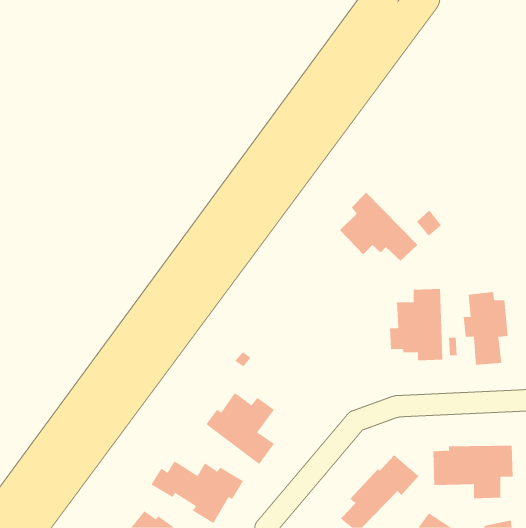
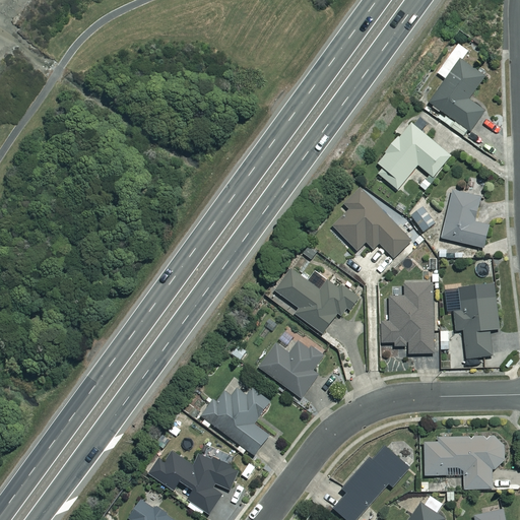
building: none -> [429,43,483,130]
building: none -> [377,122,450,189]
building: none -> [441,190,489,247]
building: none -> [274,269,359,333]
building: none -> [258,341,327,397]

